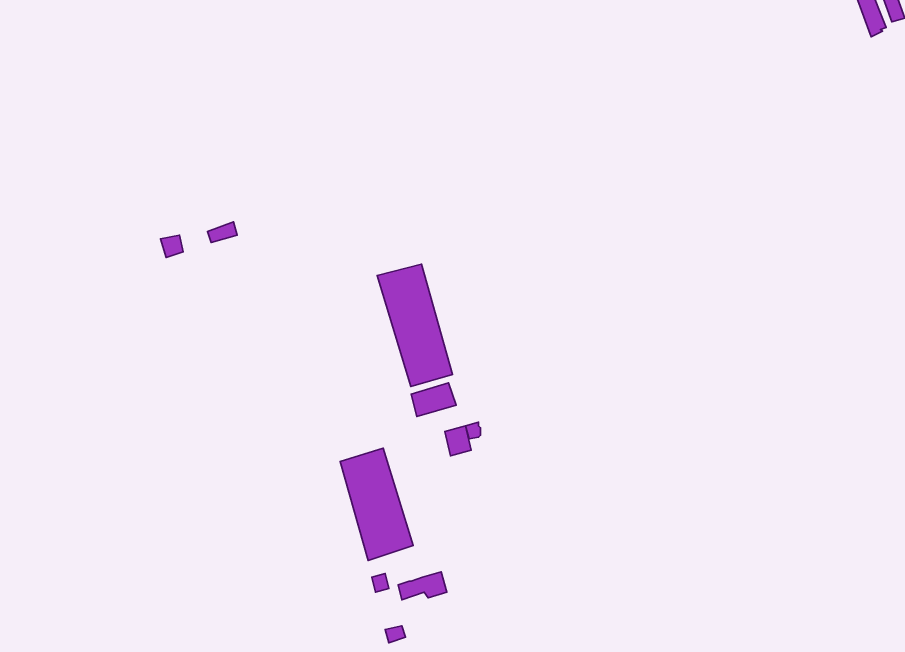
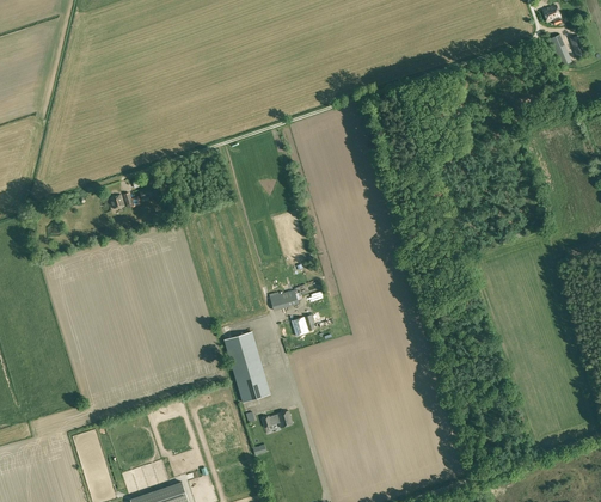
building: [377,264,453,386] -> none

